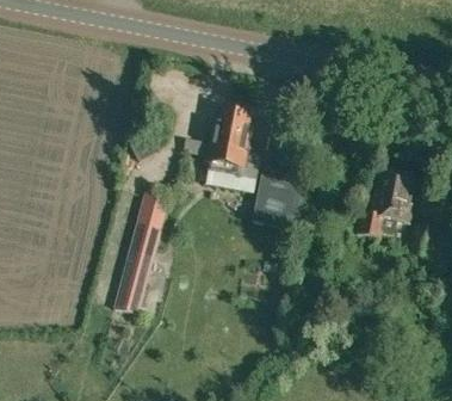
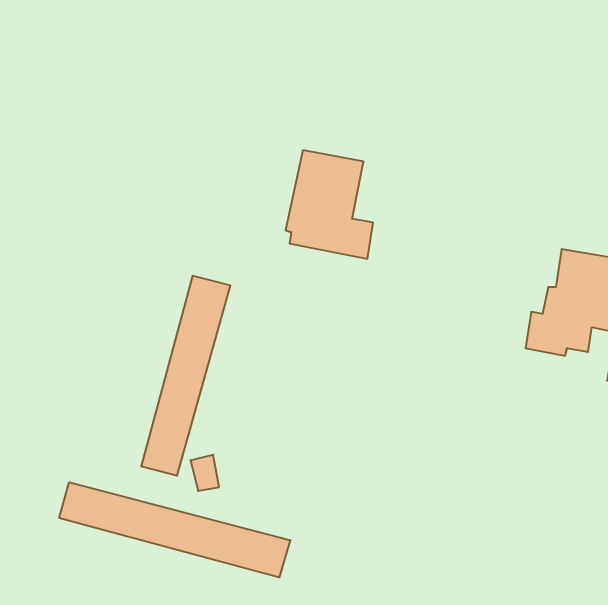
building: [252,169,298,229] -> none
building: none -> [59,482,290,577]

